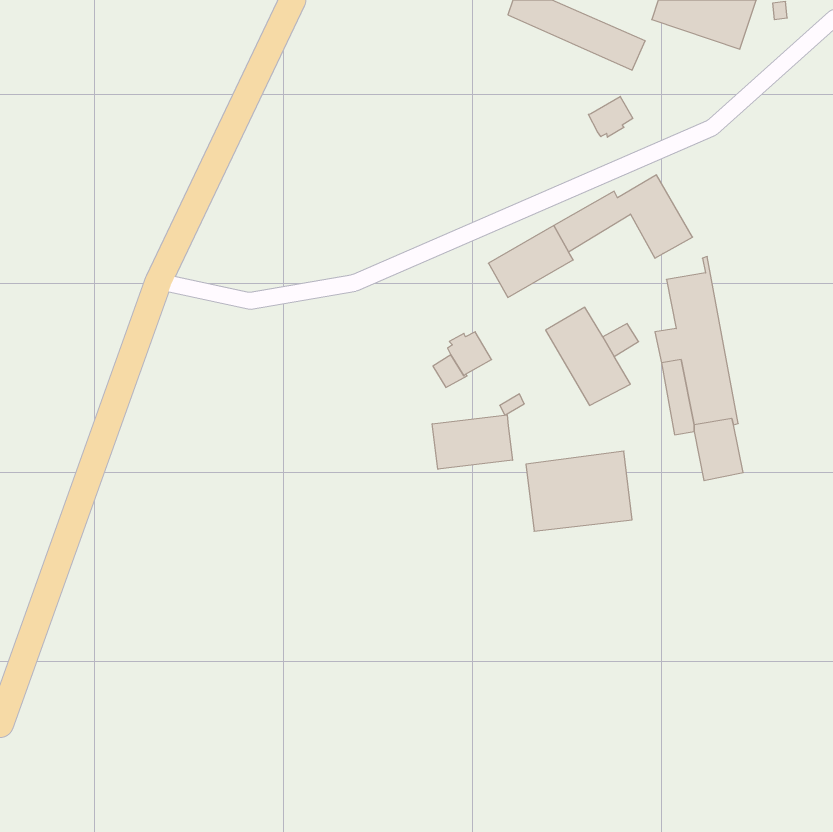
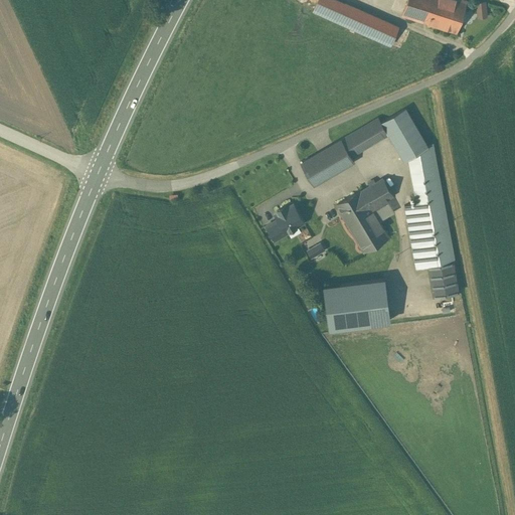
building: [588,96,633,137] -> none
building: none -> [409,146,436,174]
building: none -> [361,179,394,209]
building: [432,415,513,469] -> none

